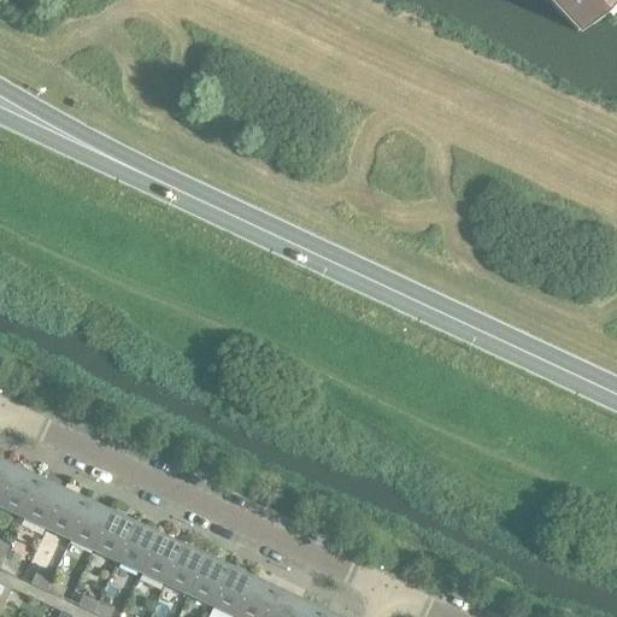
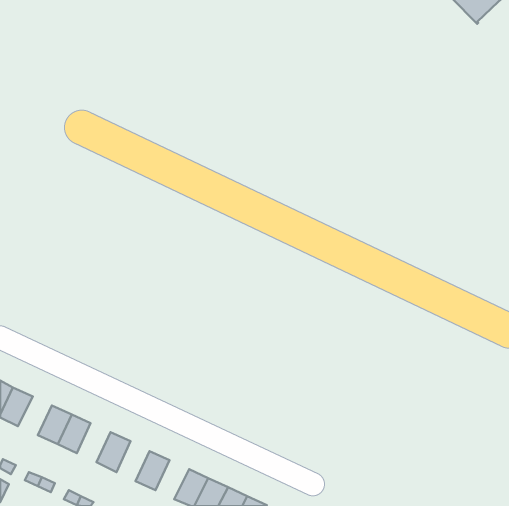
building: [22,480,63,527] -> none
building: [93,512,134,559] -> none
building: [141,534,181,582] -> none
building: [188,557,229,604] -> none

